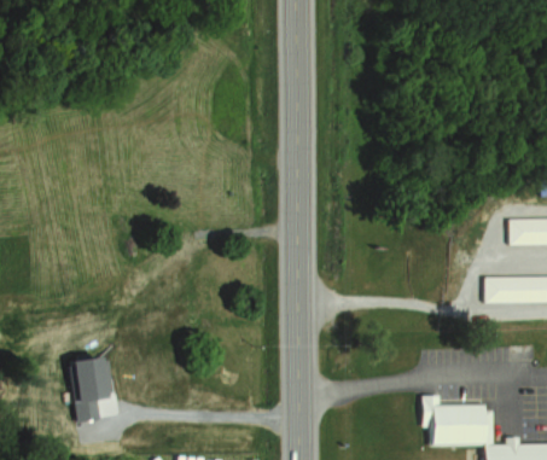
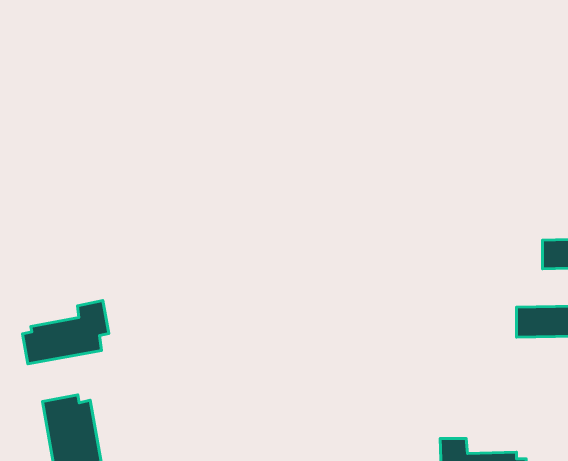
building: none -> [23,300,109,364]

